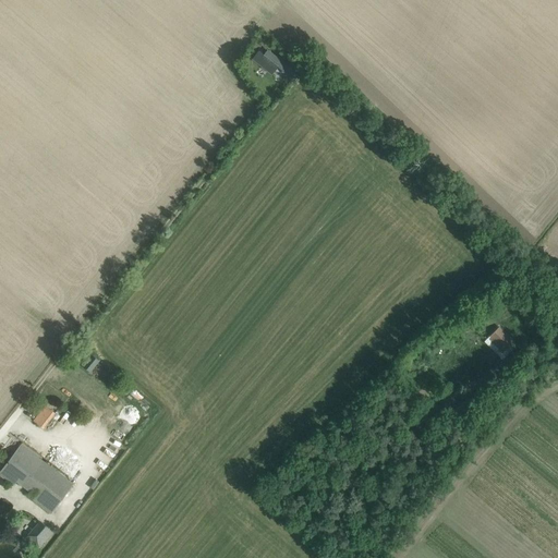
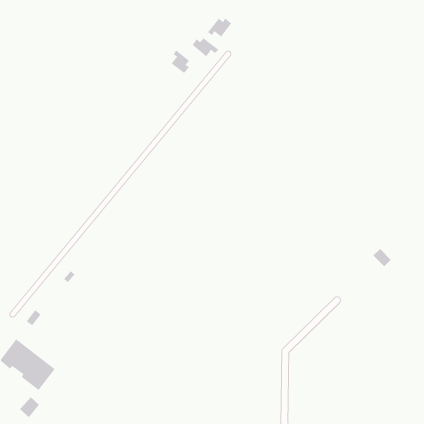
building: none -> [207,18,232,37]
building: none -> [171,50,190,74]

